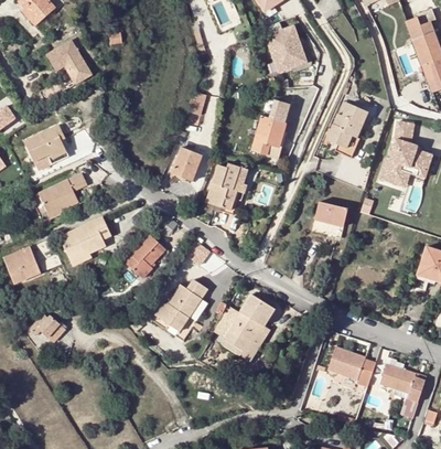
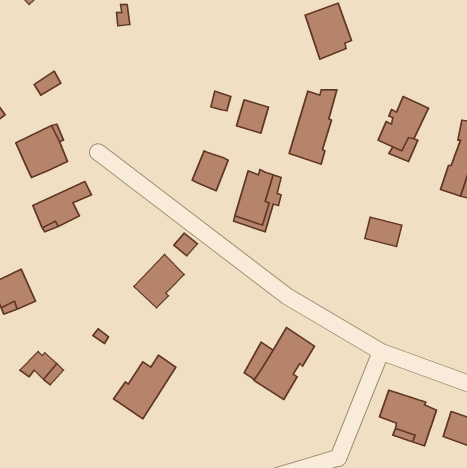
building: [46,39,93,83] -> none
building: none -> [237,100,269,133]
building: [60,217,111,266] -> none
building: [155,279,207,332] -> [114,355,176,419]
building: [220,324,270,362] -> none

